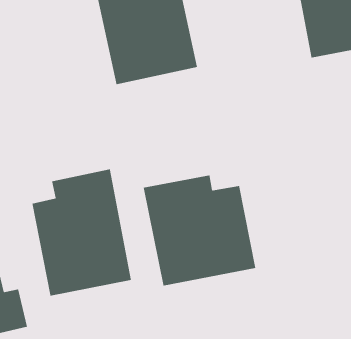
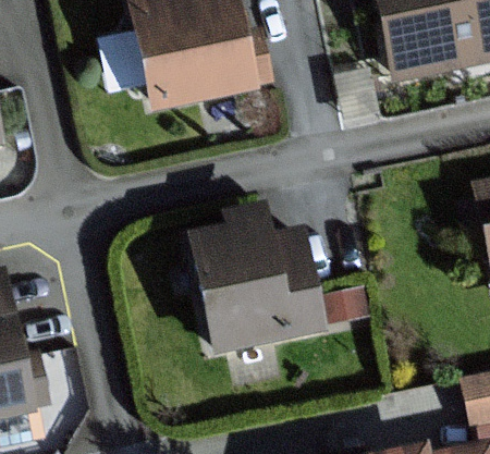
building: [32,169,132,297] -> none

